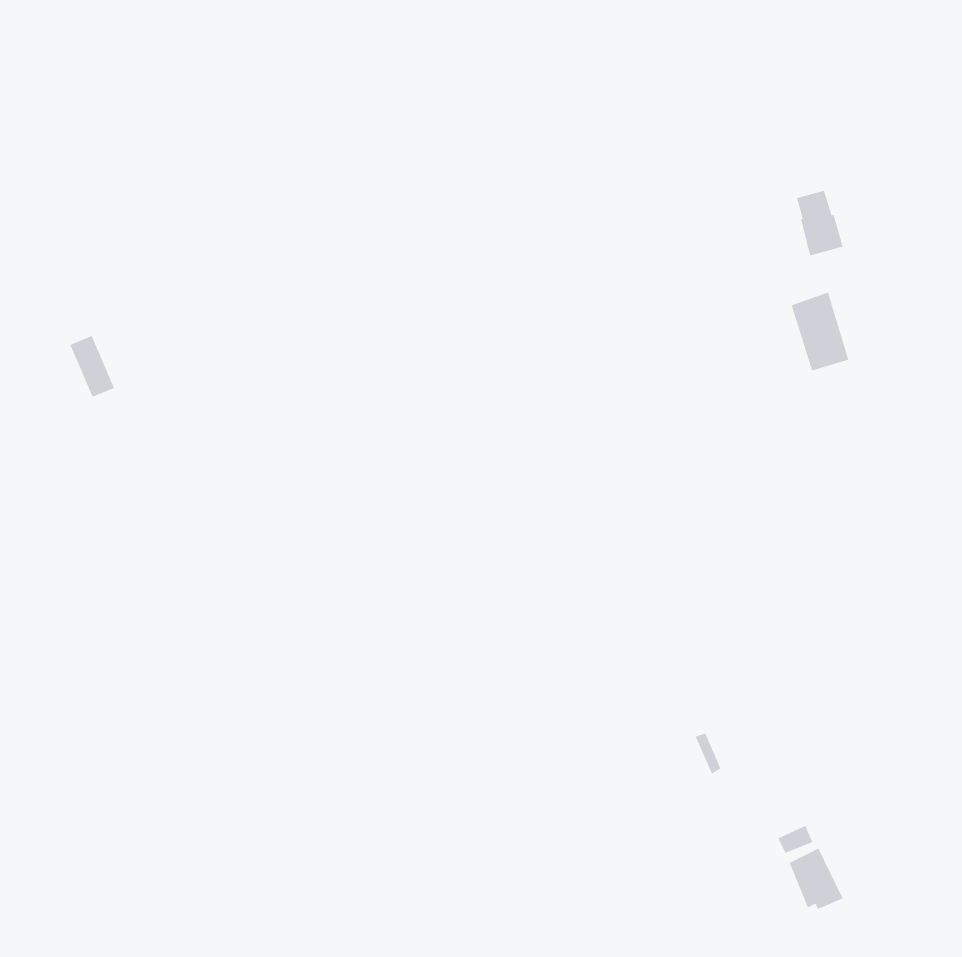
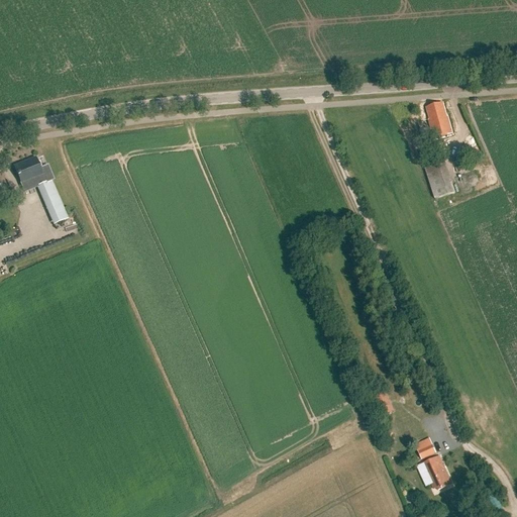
building: none -> [14,156,54,184]

